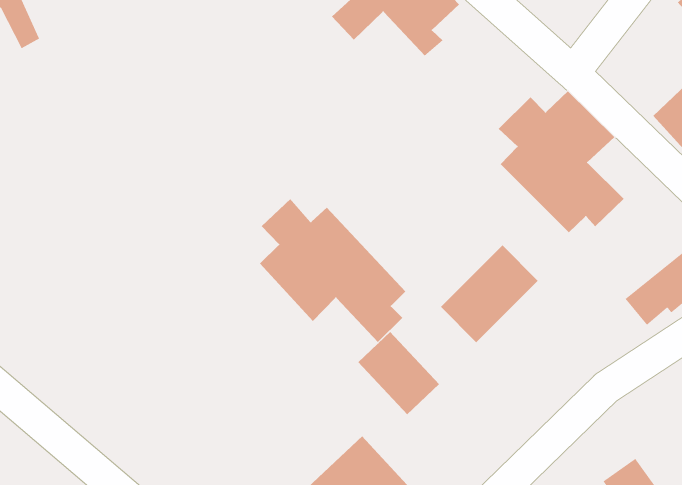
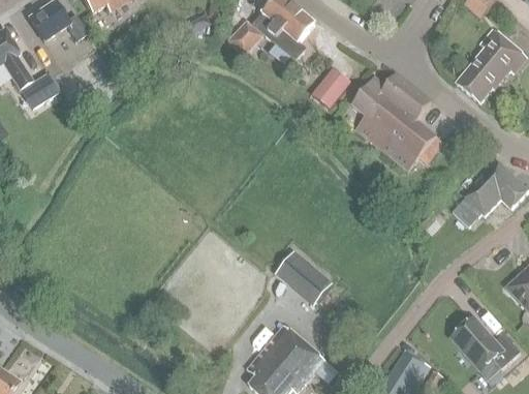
building: none -> [21,73,57,108]
building: none -> [312,67,350,109]
building: [259,198,406,343] -> none
building: [440,245,538,343] -> none

